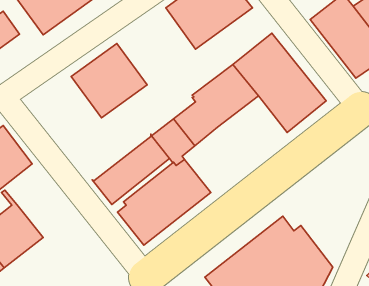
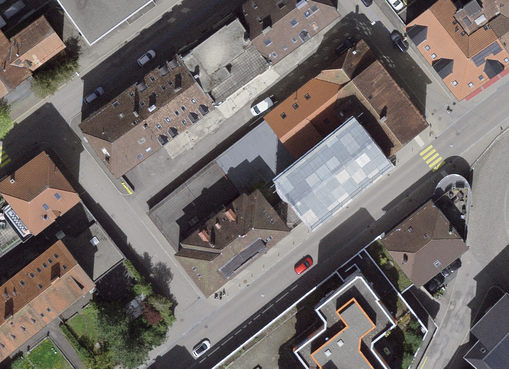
building: none -> [177,13,270,104]
building: none -> [80,94,159,174]
building: none -> [277,128,378,227]
building: none -> [383,185,469,299]
building: none -> [45,202,124,284]

